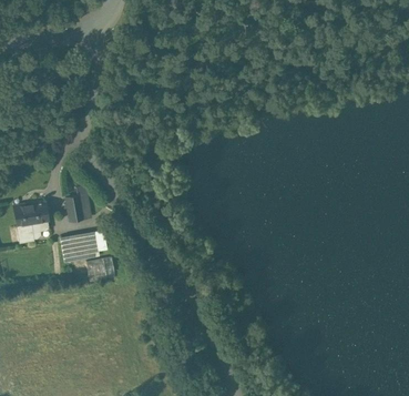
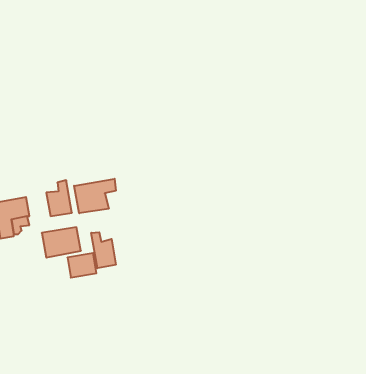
building: none -> [74,179,116,213]
building: none -> [91,232,116,268]

